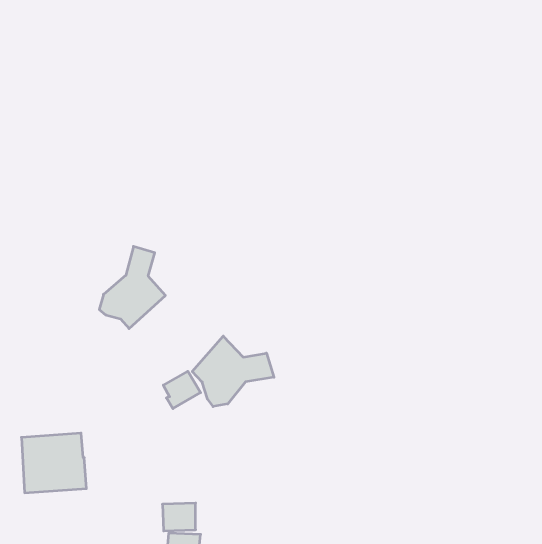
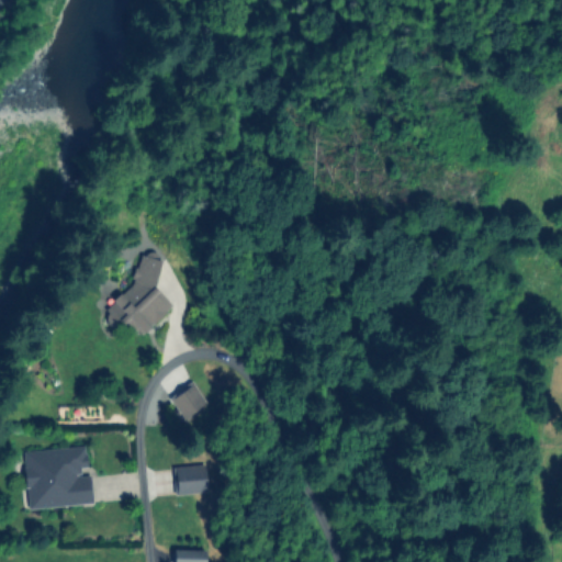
building: [192,336,274,407] -> none
building: [162,503,196,531] -> [176,465,210,494]

